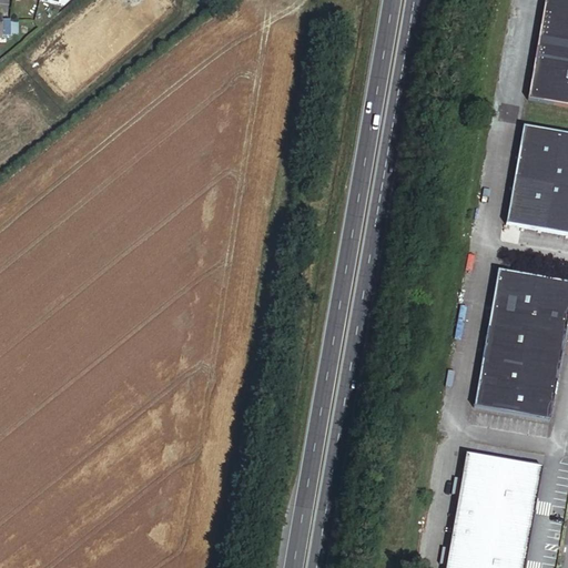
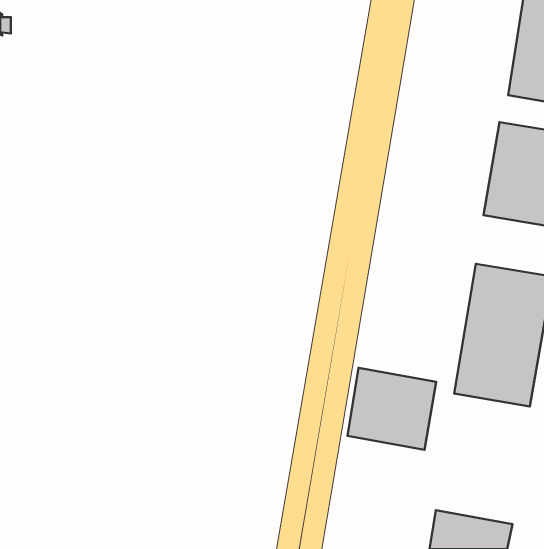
building: [456,454,547,538] -> [348,368,436,450]

